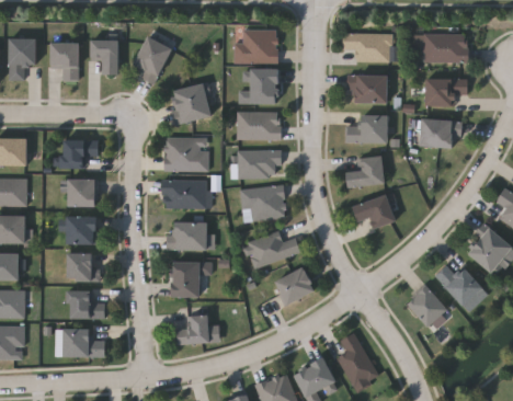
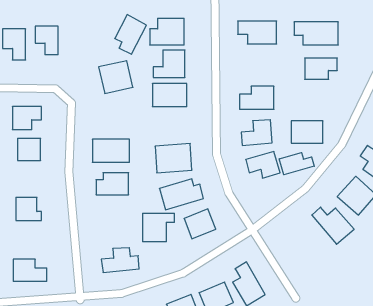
building: [134,35,173,84] -> [115,15,146,54]
building: [349,75,388,103] -> none
building: [421,119,460,147] -> [291,121,323,143]
building: [164,137,207,171] -> none
building: [237,149,281,177] -> none
building: none -> [279,153,314,175]
building: [67,215,96,243] -> none
building: [171,261,210,296] -> [143,213,174,242]
building: [408,285,453,331] -> none
building: [68,289,105,318] -> none

